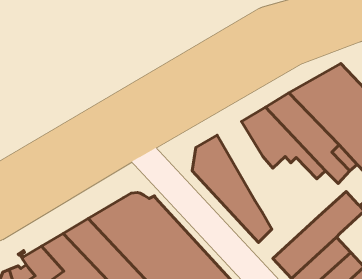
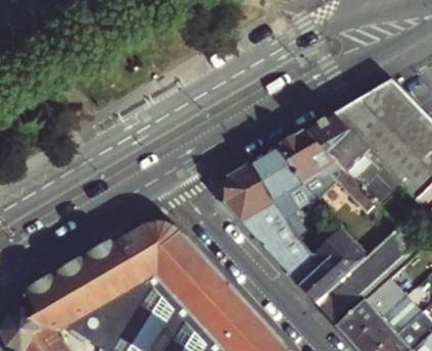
building: none -> [250,145,309,235]
building: none -> [297,218,366,301]

